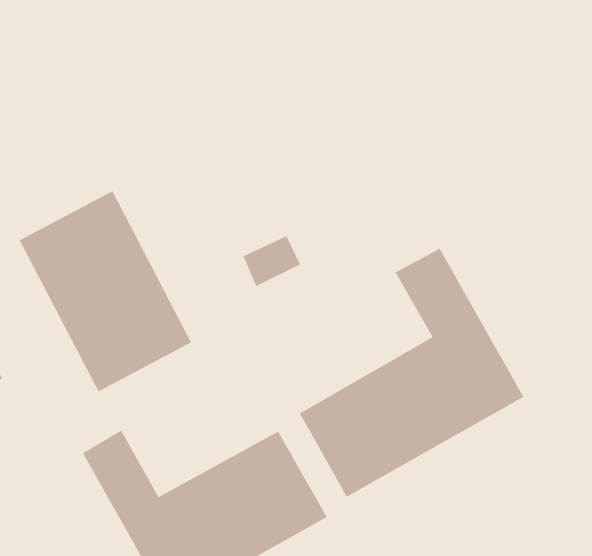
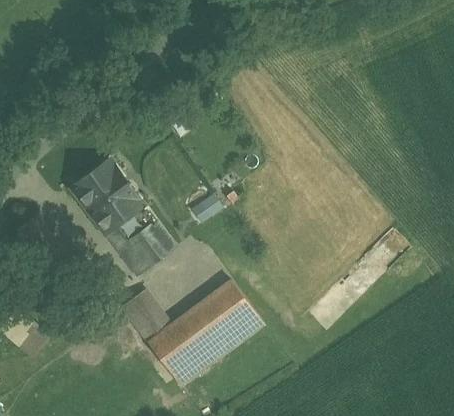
building: [299,248,524,498] -> none

